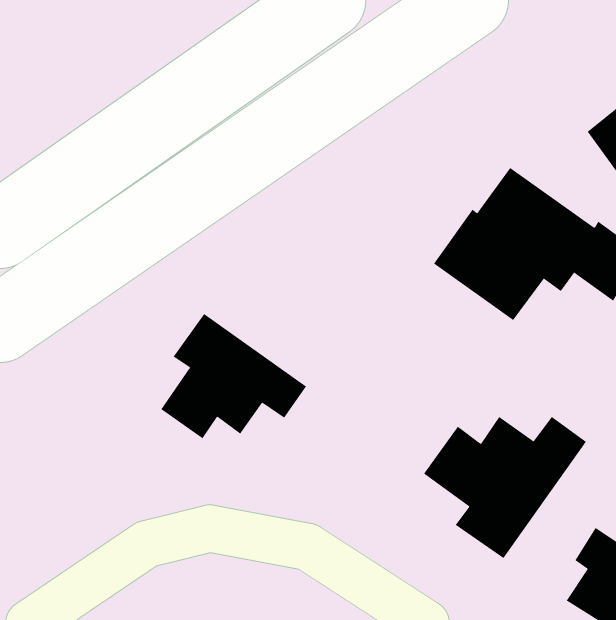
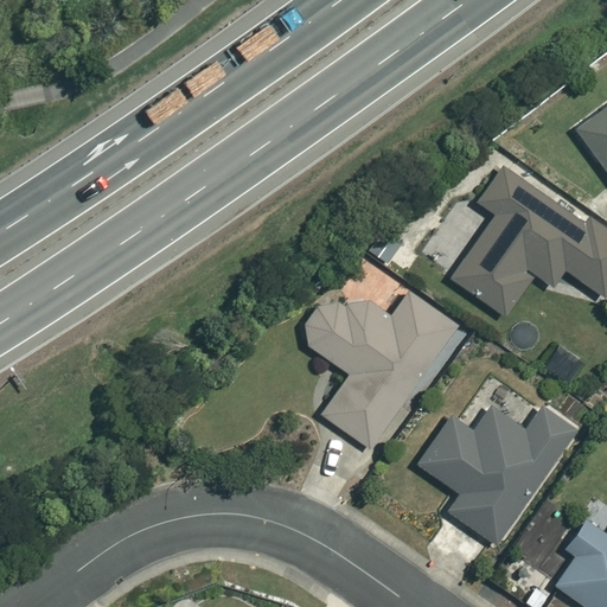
building: none -> [299,286,455,447]
building: [161,313,307,439] -> none

